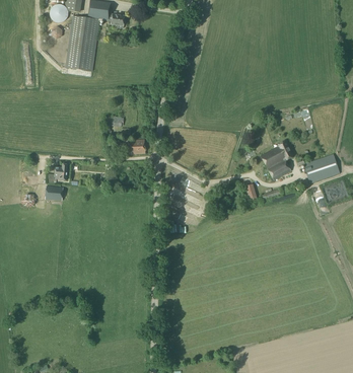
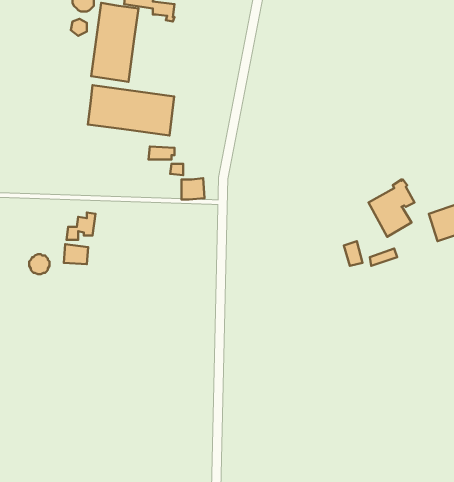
building: none -> [88,85,174,136]

